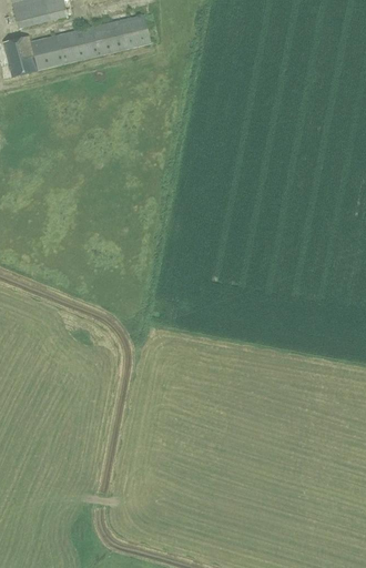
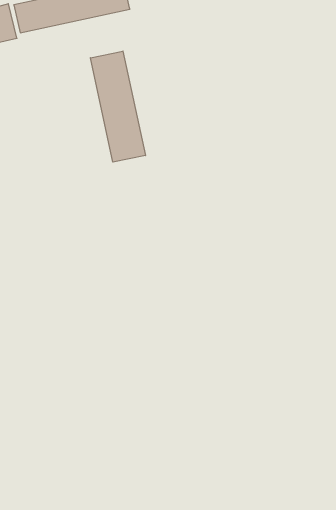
building: none -> [90,51,145,162]

